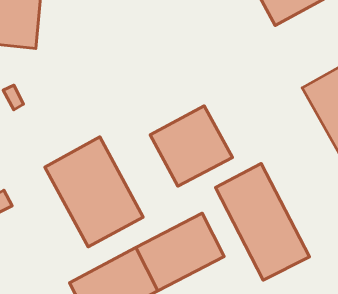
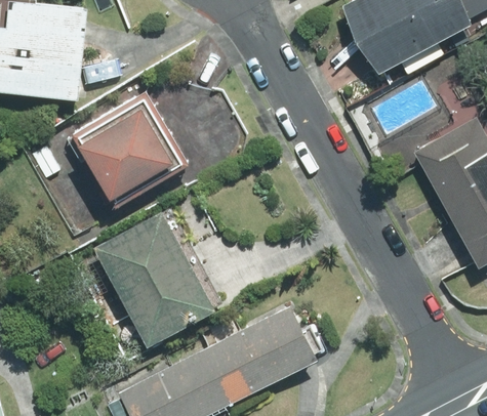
building: none -> [70,95,187,212]
building: [150,106,233,186] -> none
building: [215,163,310,280] -> none

